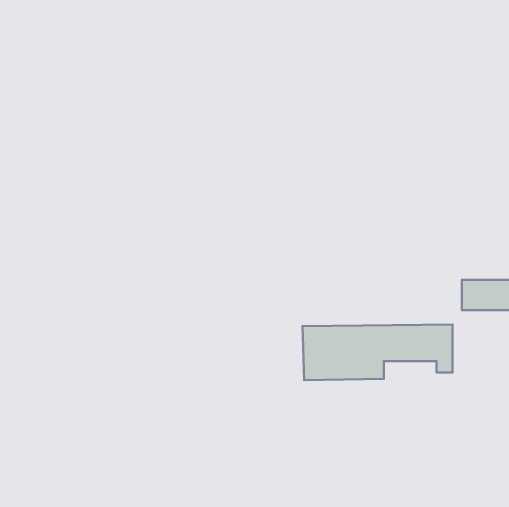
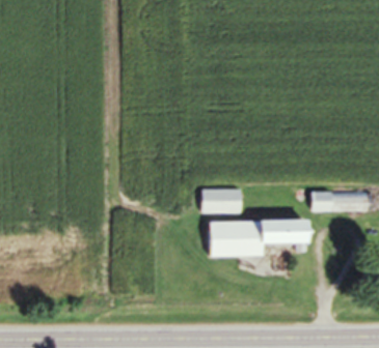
building: none -> [201,190,241,213]

